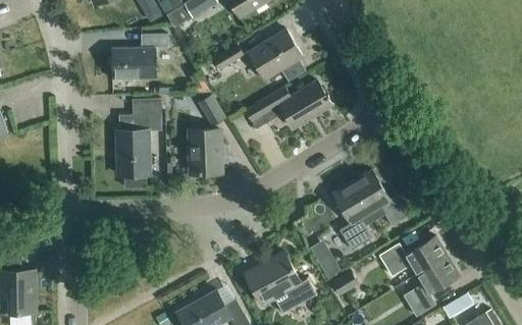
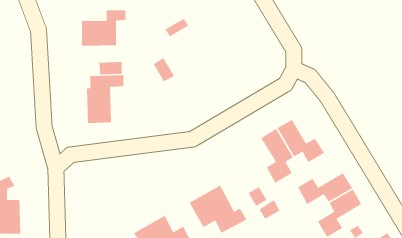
building: [248,30,305,82] -> none
building: [244,80,332,129] -> none
building: [190,131,221,174] -> none

